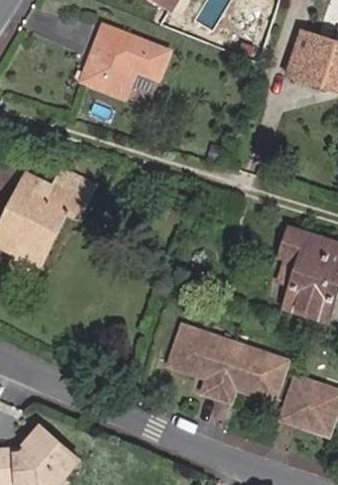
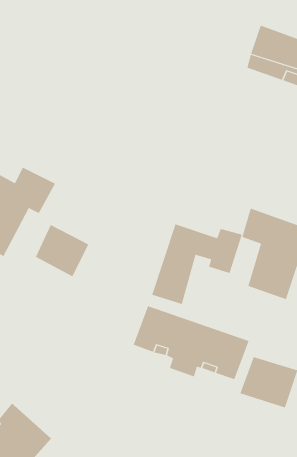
building: [81,20,168,92] -> none
building: none -> [152,224,242,305]
building: none -> [35,224,89,277]

